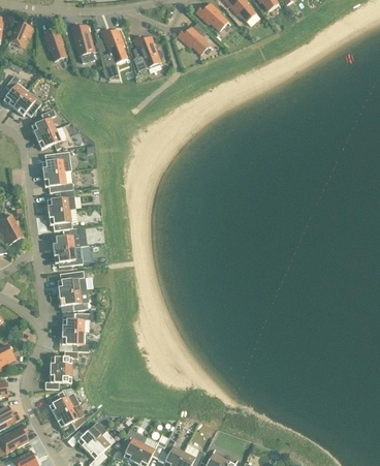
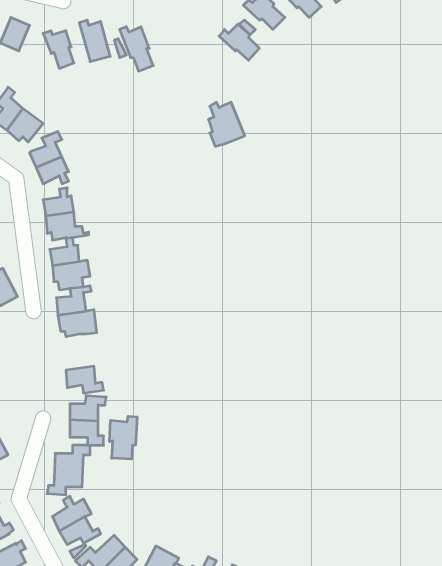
building: [133,35,161,69] -> [208,102,245,146]
building: [58,271,85,292] -> none
building: none -> [110,416,137,459]

